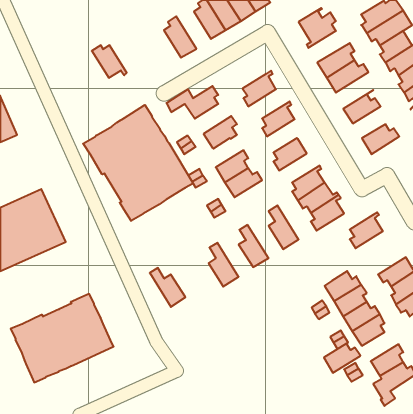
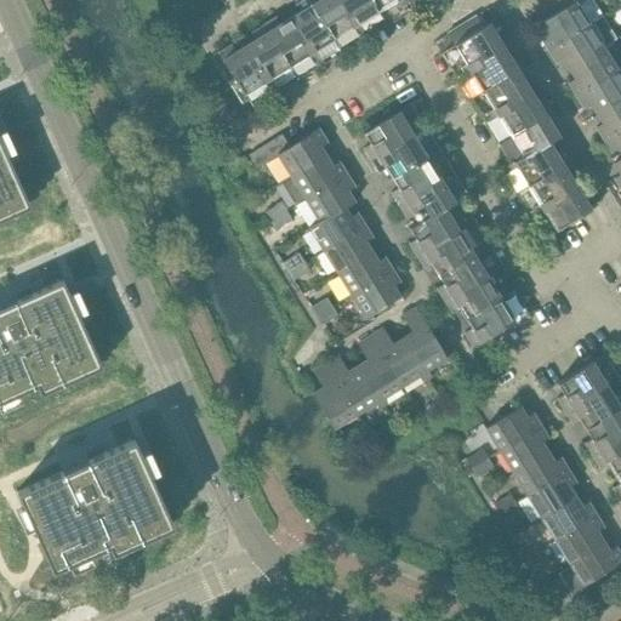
building: none -> [266,18,318,74]
building: none -> [463,47,525,95]
building: [92,45,127,78] -> [221,46,273,95]
building: none -> [505,109,560,164]
building: none -> [374,135,435,178]
building: none -> [284,156,348,206]
building: [83,105,193,221] -> none
building: none -> [530,160,579,207]
building: none -> [401,180,463,229]
building: none -> [310,207,366,251]
building: none -> [420,230,480,274]
building: none -> [353,270,403,319]
building: [350,212,383,248] -> [559,358,609,411]
building: none -> [372,329,426,387]
building: [150,268,185,307] -> [327,357,381,415]
building: [324,344,360,373] -> [543,497,598,541]

